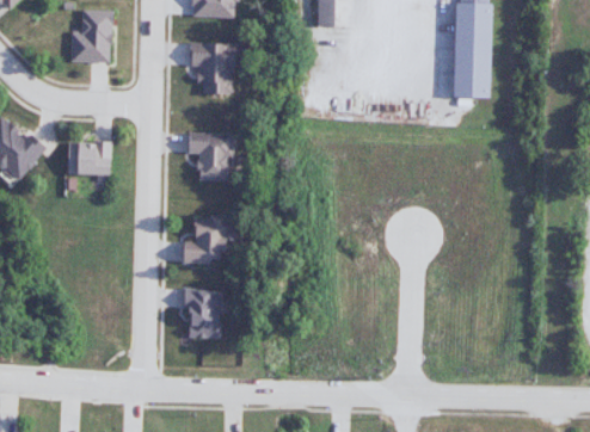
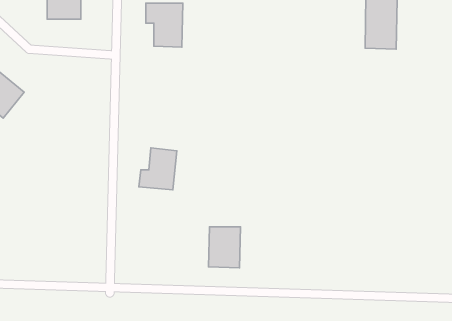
building: [186,134,233,181] -> none
building: [70,142,110,175] -> none
building: [184,290,222,339] -> [208,227,240,268]

